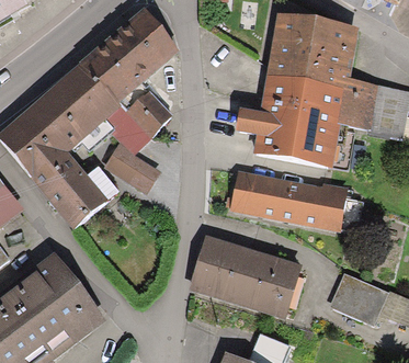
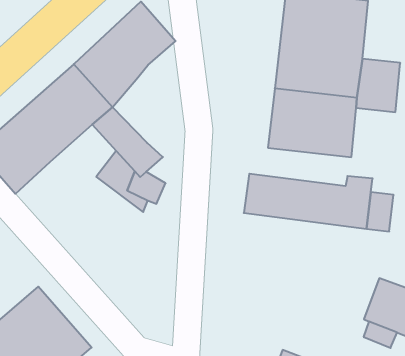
building: [121,84,173,140] -> none
building: [32,152,115,228] -> none
building: [200,236,296,307] -> none

